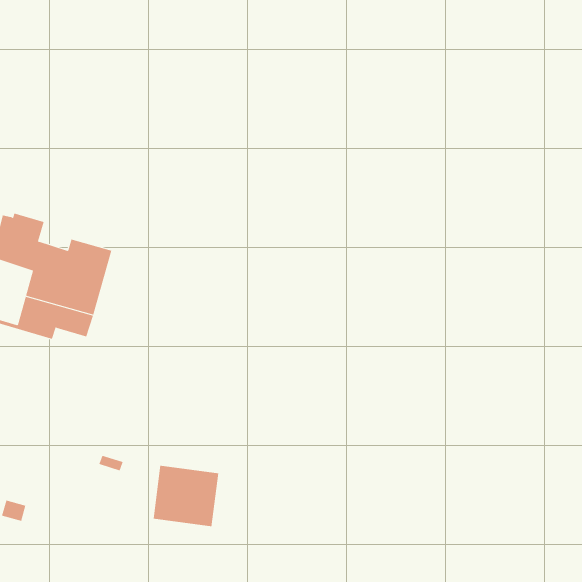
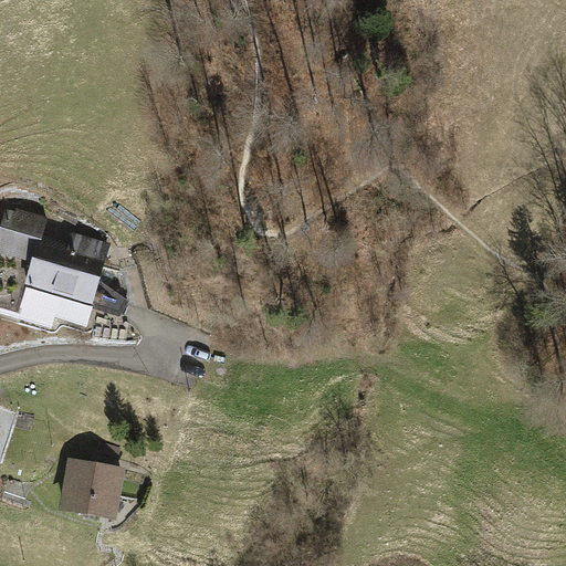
building: [153,465,219,527] -> [60,459,124,518]

